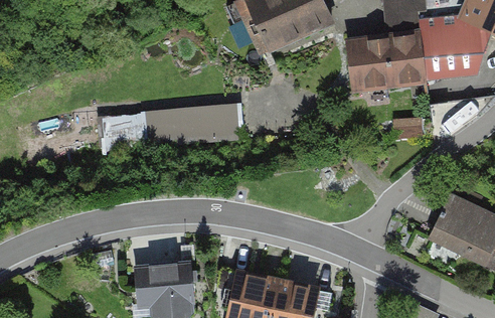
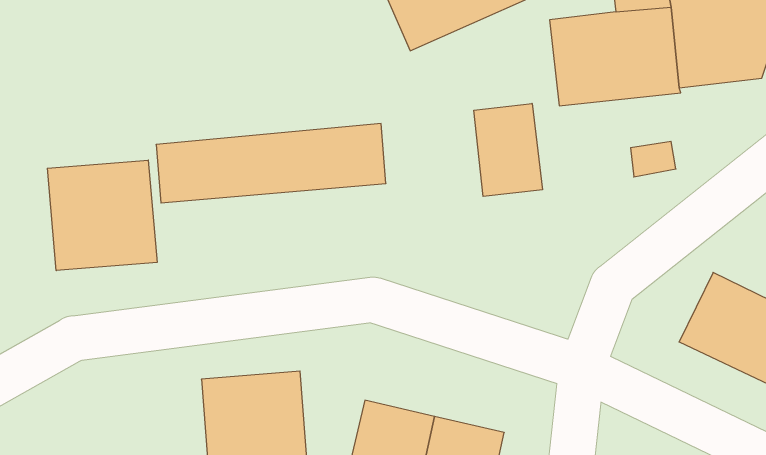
building: none -> [474,103,542,196]
building: none -> [47,160,157,271]

